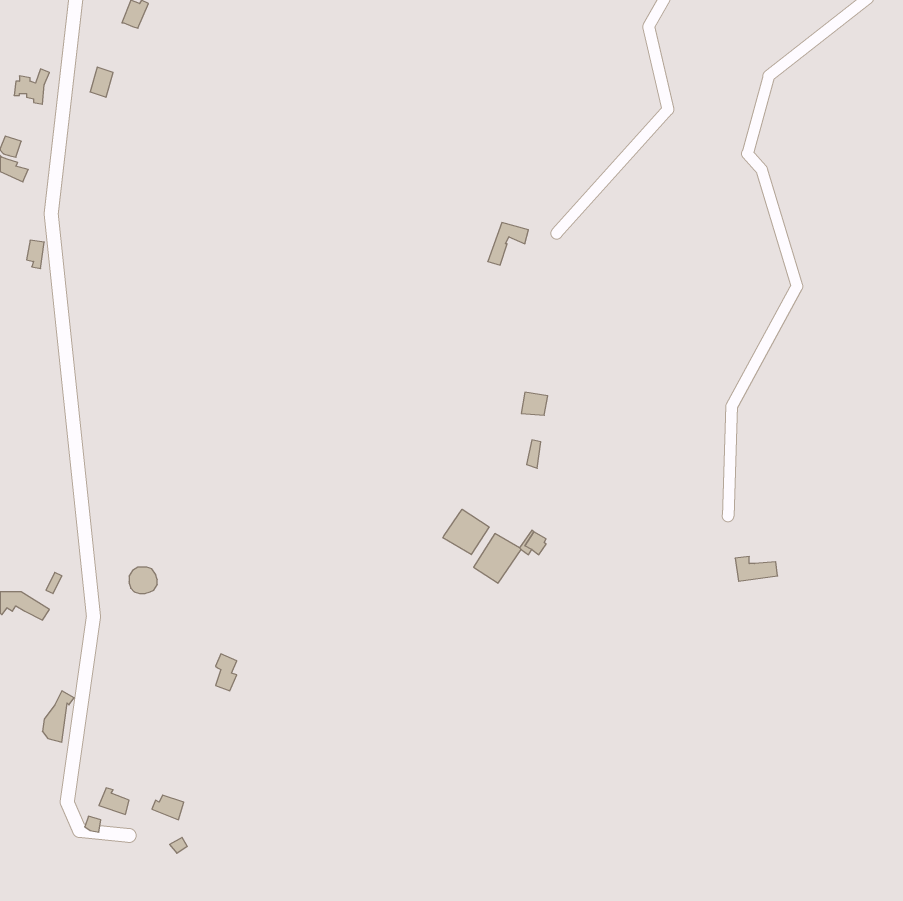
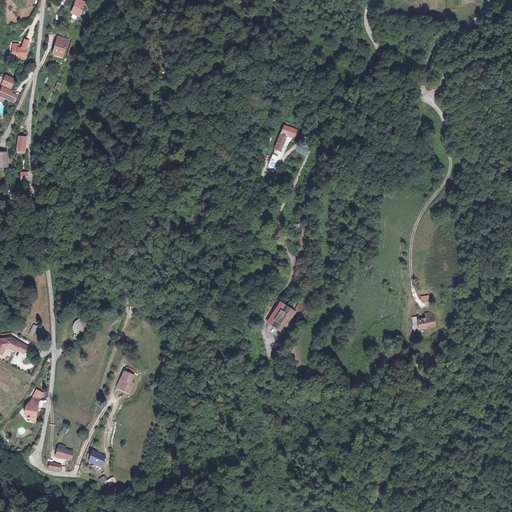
building: [443,509,489,555] -> none

